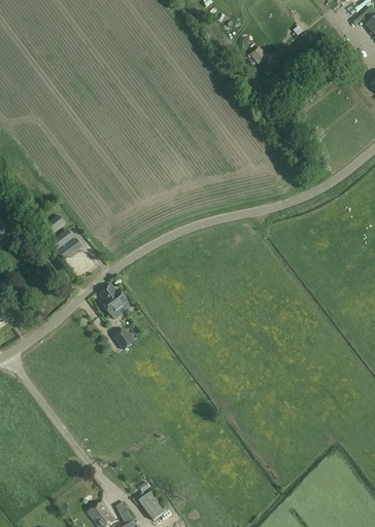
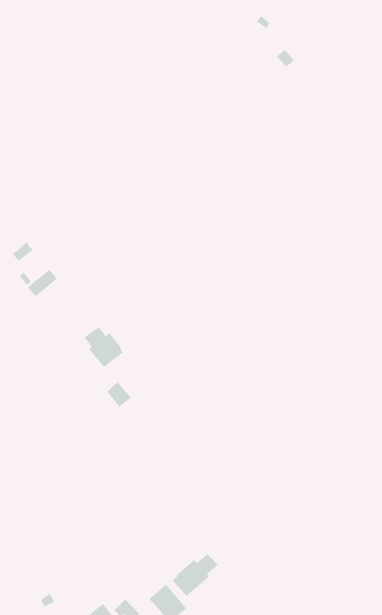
building: none -> [172,553,219,597]

